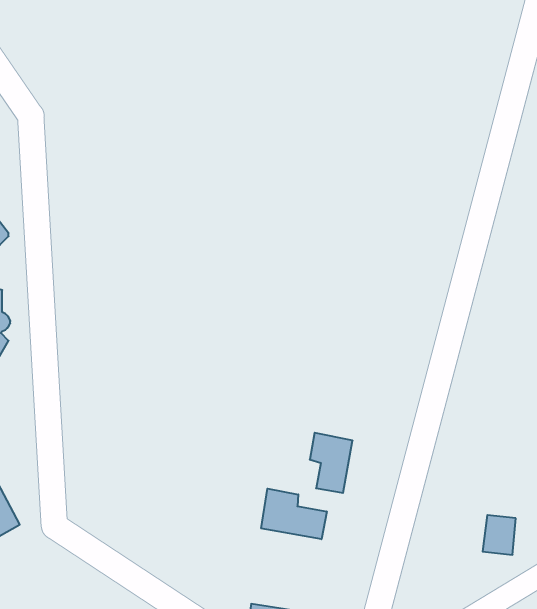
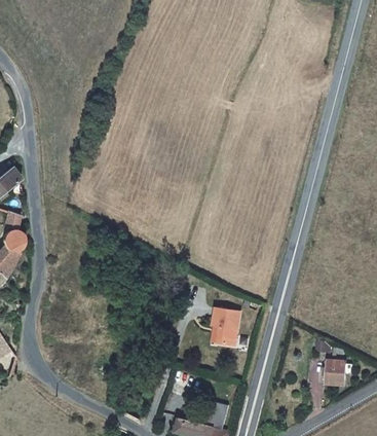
building: [261,489,327,539] -> none

